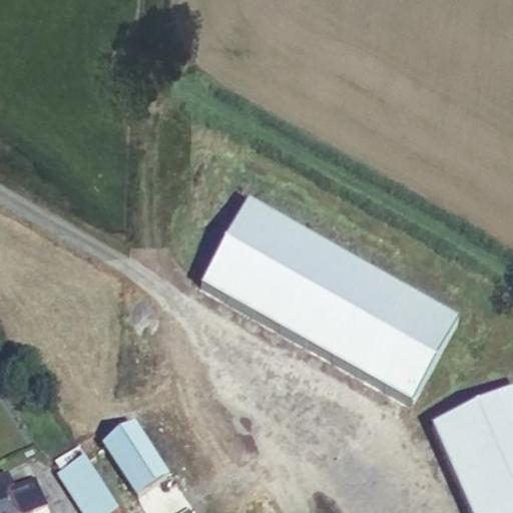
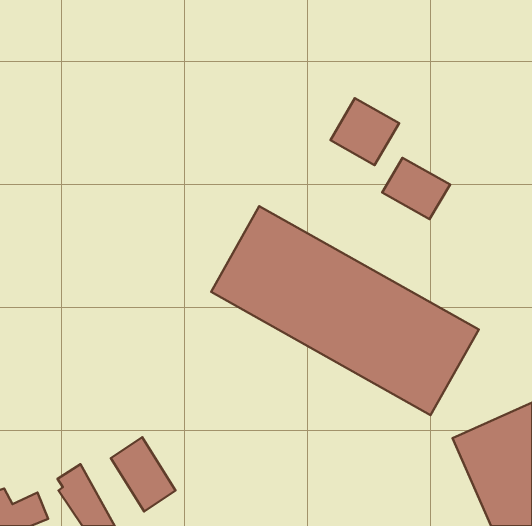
building: none -> [330,98,399,165]
building: none -> [382,158,450,219]

